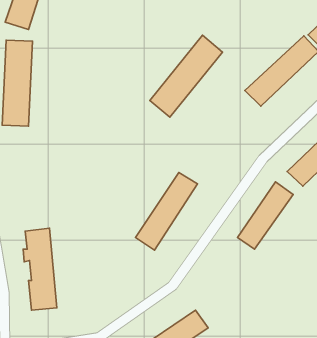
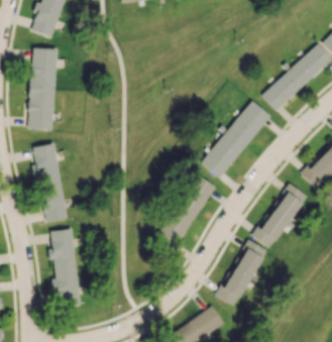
building: [150,35,222,117] -> [202,100,271,179]
building: none -> [33,143,68,222]
building: none -> [219,240,267,307]

